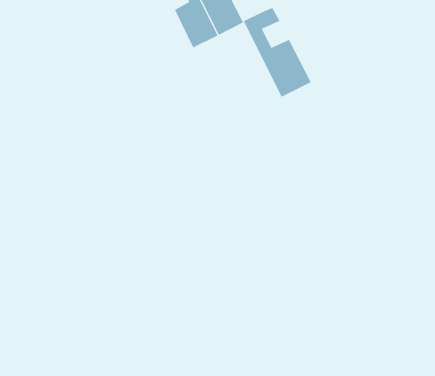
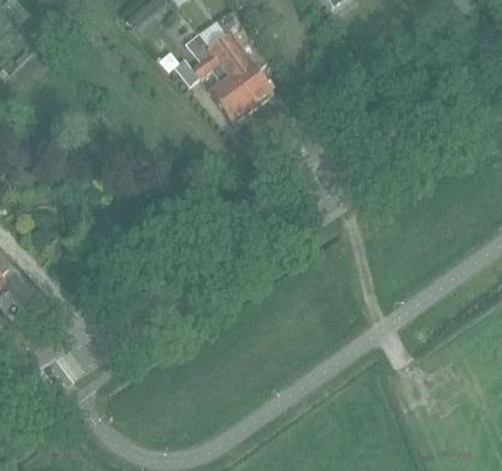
building: [243,7,311,98] -> none

